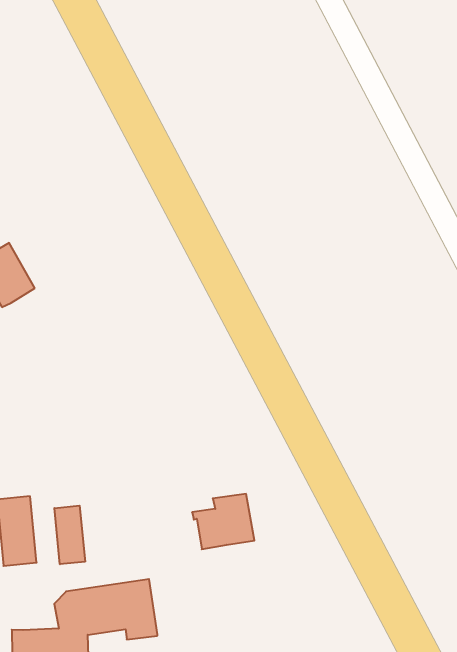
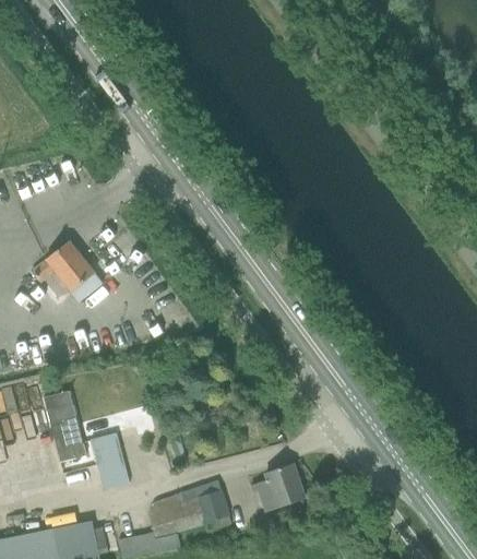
building: [192,494,254,549] -> [253,464,305,512]
building: [54,506,85,564] -> none

